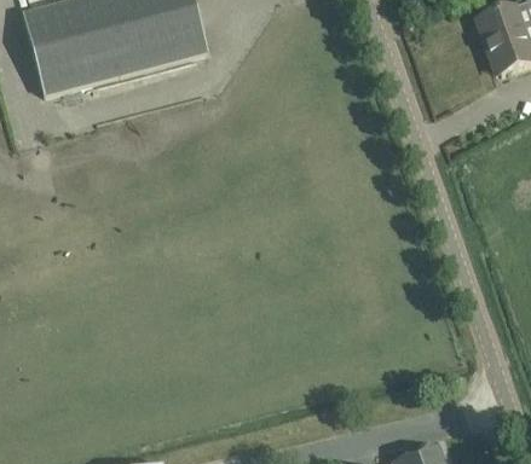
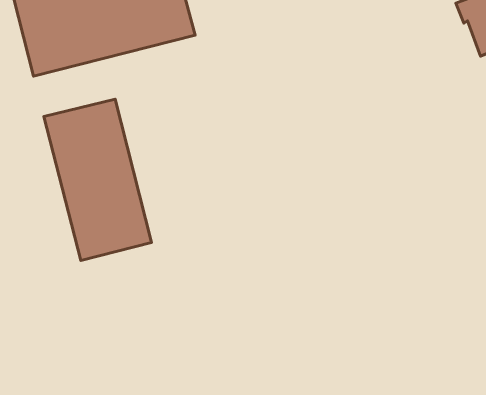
building: none -> [44,99,151,261]

